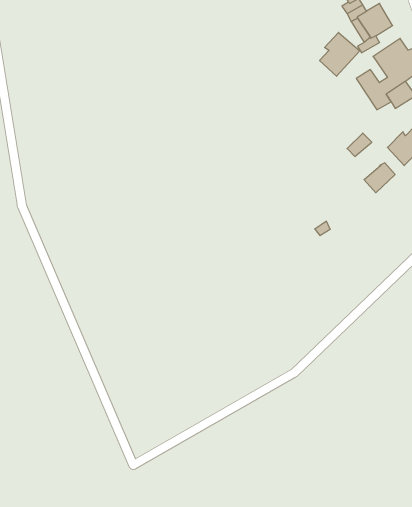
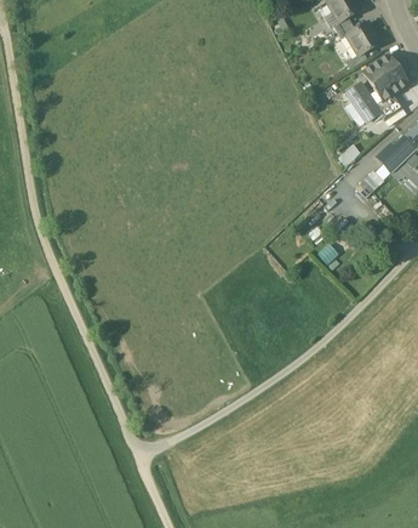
building: [320,32,360,76] -> none

